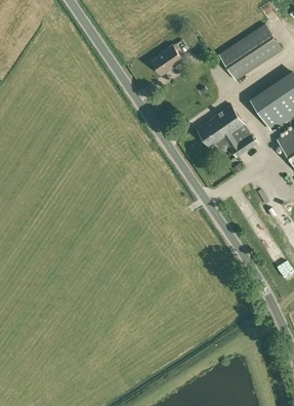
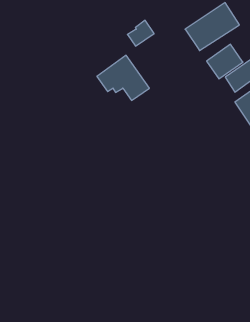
building: [197,105,257,157] -> [97,55,149,100]

